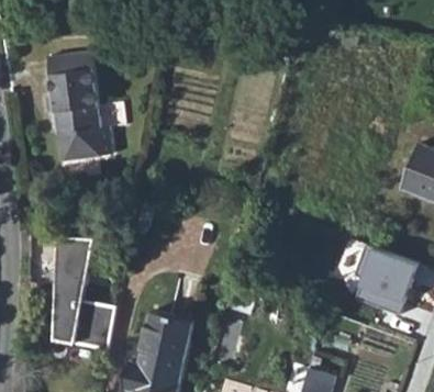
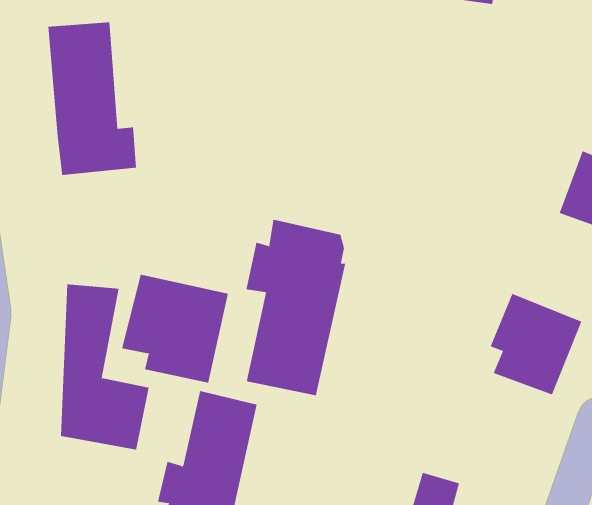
building: none -> [246,219,346,396]
building: none -> [122,274,229,383]

